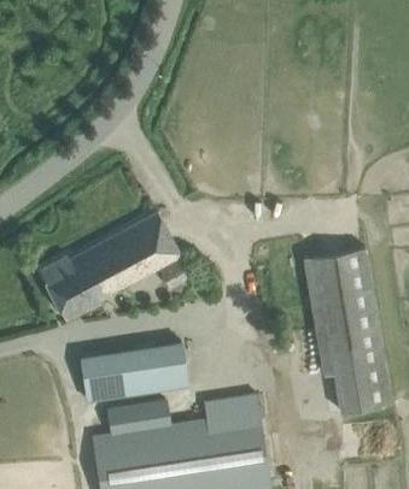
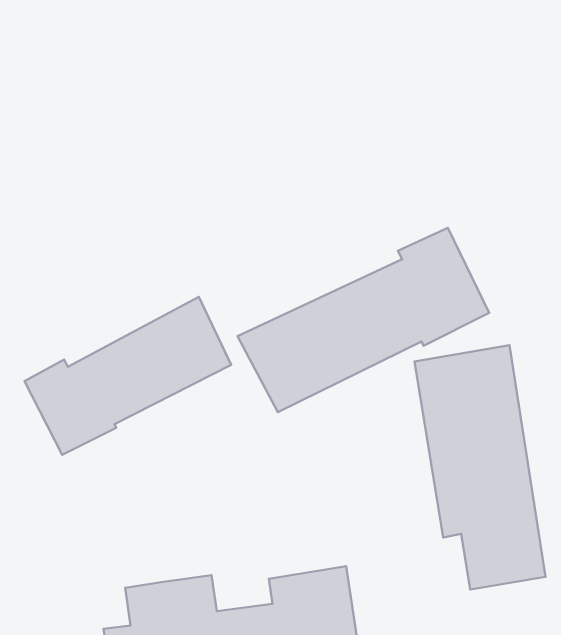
building: none -> [238,228,489,412]
building: [82,343,188,401] -> none

